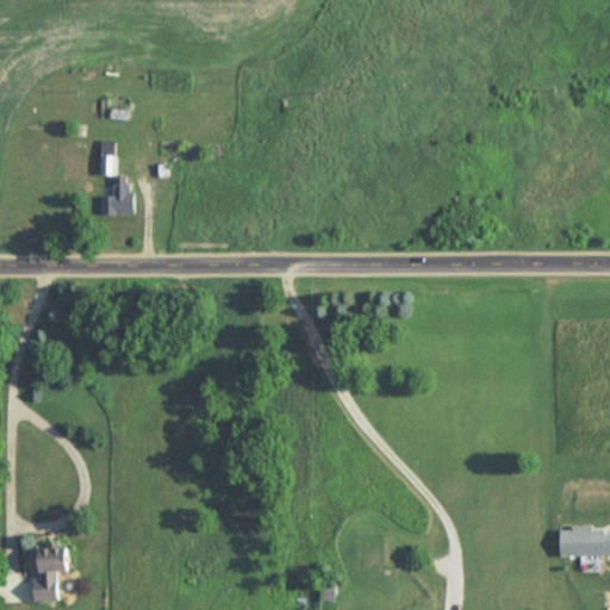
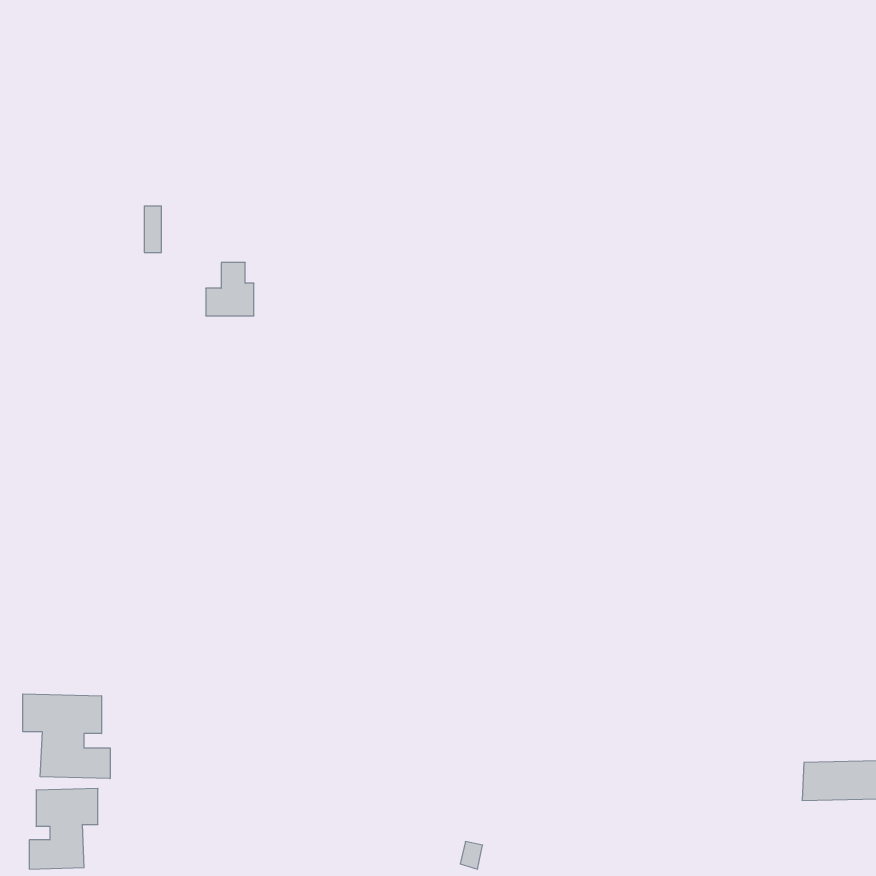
building: [101,178,135,214] -> [206,263,254,316]
building: none -> [23,694,110,779]

